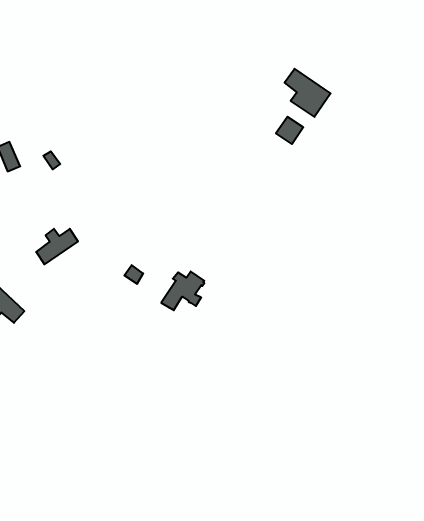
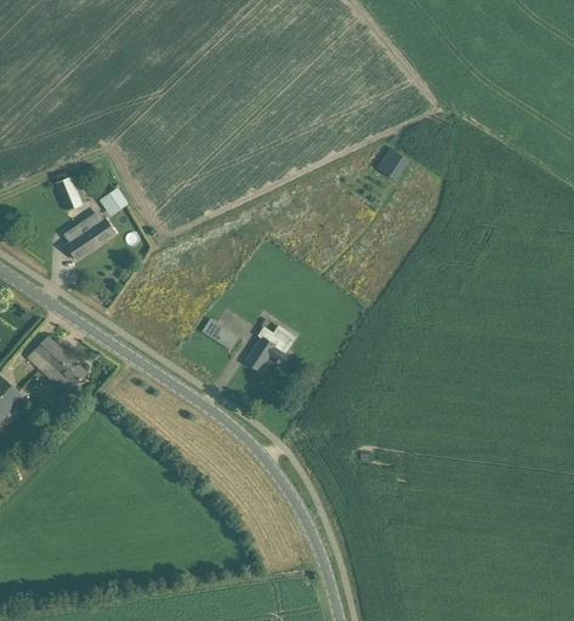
building: [285,69,331,117] -> none
building: [36,229,78,264] -> [66,218,114,260]

